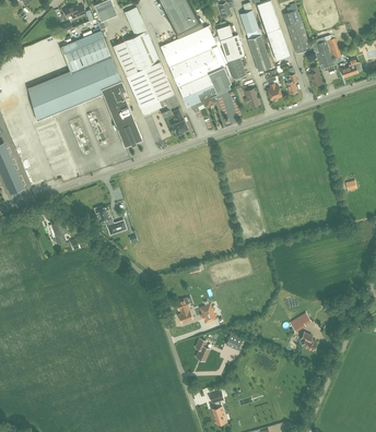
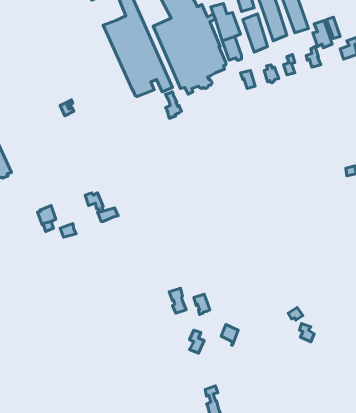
building: [28,29,142,146] -> none

